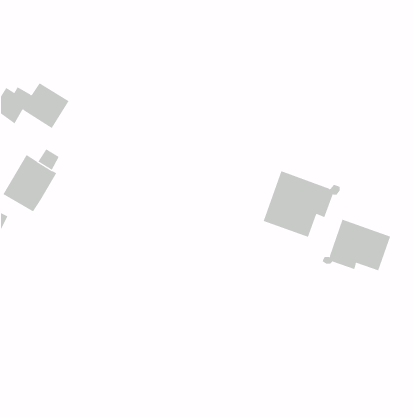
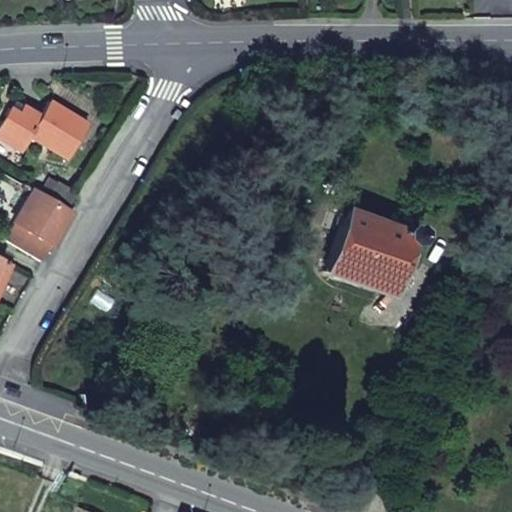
building: [322,219,391,271] -> none

